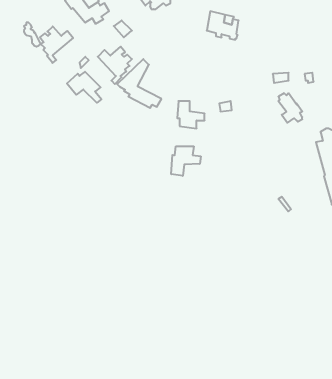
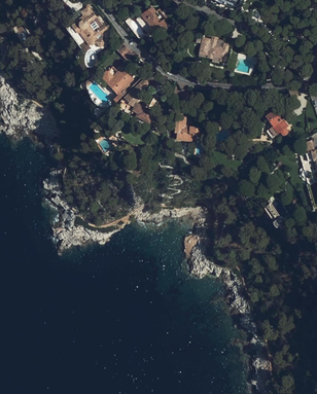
building: [40,26,73,63] -> none
building: [67,72,101,103] -> none
building: [171,146,201,176] -> none

